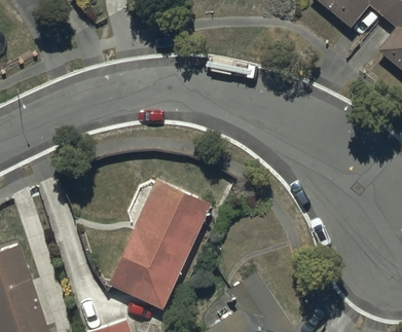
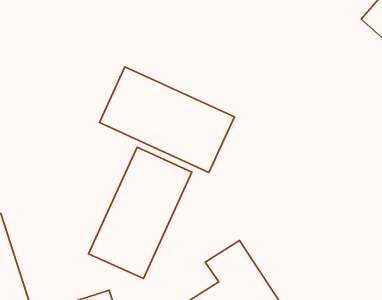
building: none -> [99,67,234,172]

